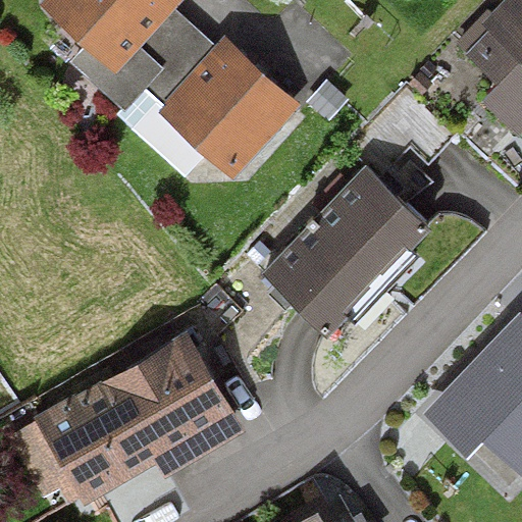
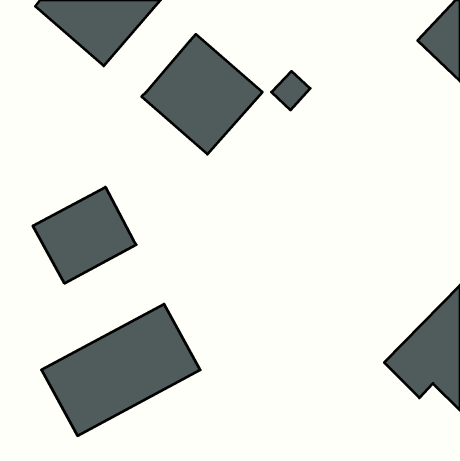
building: [71,9,215,112] -> none
building: [273,174,424,327] -> none
building: none -> [33,187,136,283]

